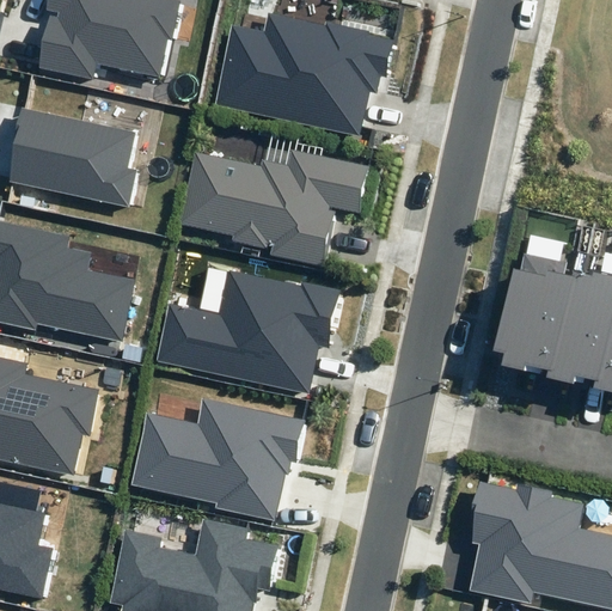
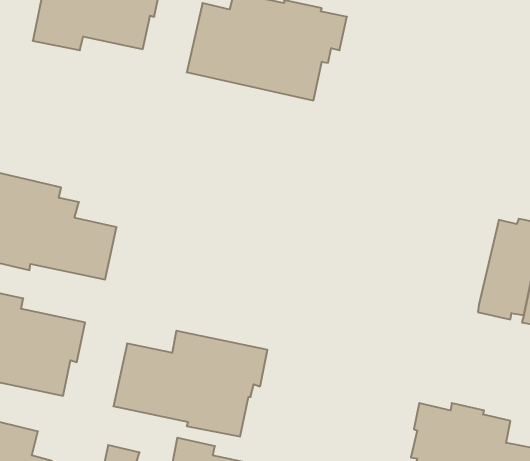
building: [7,109,139,208] -> none
building: [178,149,368,267] -> none
building: [490,251,569,372] -> none
building: [155,271,342,395] -> none

